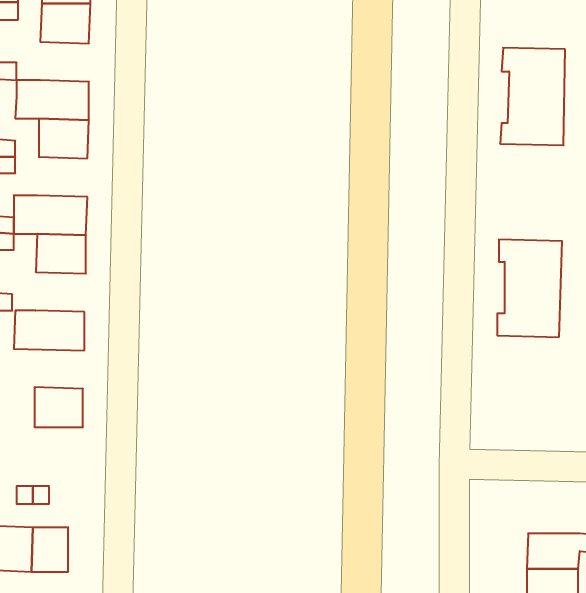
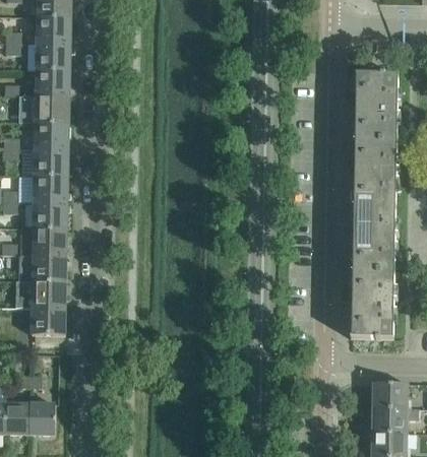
building: none -> [36,69,69,96]
building: none -> [352,139,396,206]
building: none -> [34,148,68,176]
building: none -> [33,227,67,255]
building: none -> [350,271,393,338]
building: none -> [15,280,66,308]
building: none -> [372,382,408,407]

